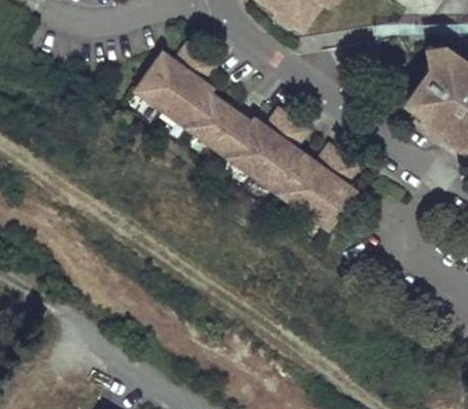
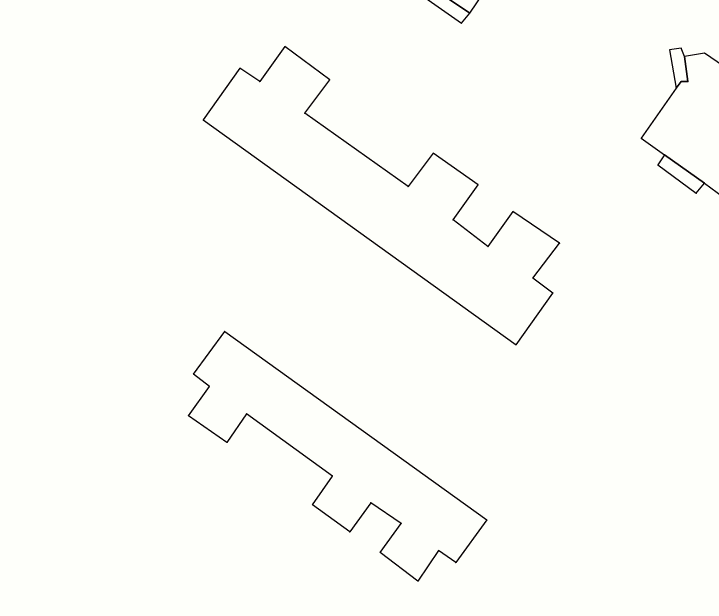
building: none -> [188,331,487,581]

